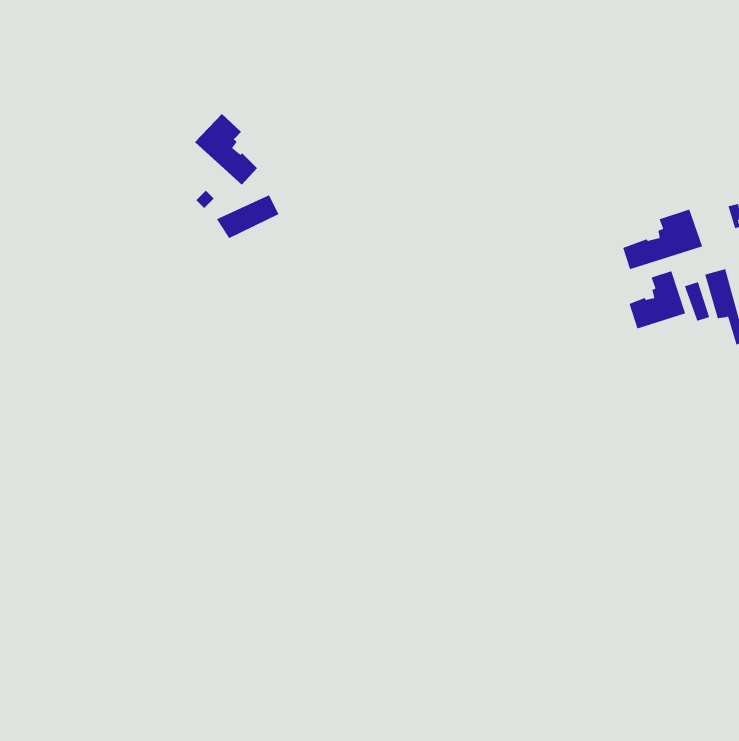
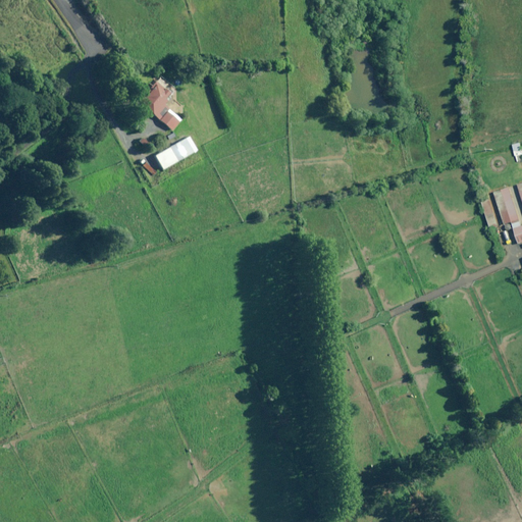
building: [622,209,703,270] -> none
building: [628,270,686,329] -> none

